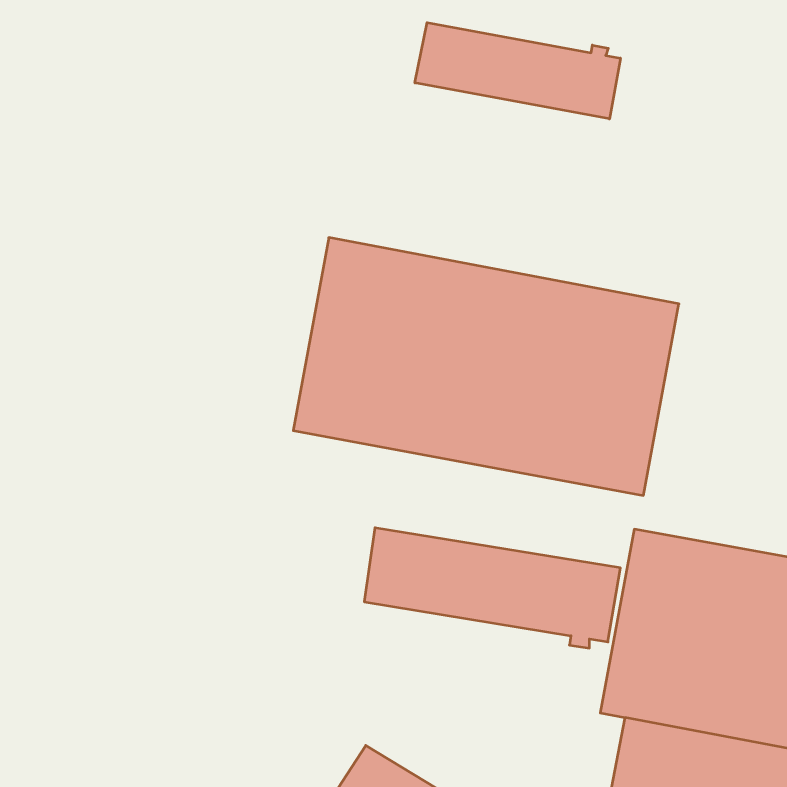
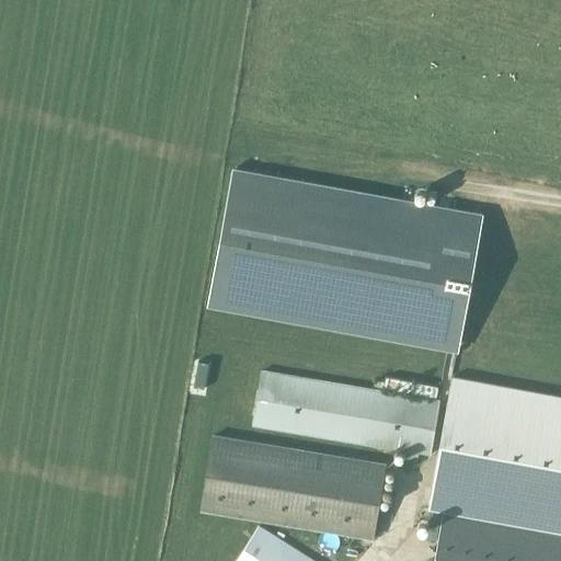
building: [415,23,620,119] -> none
building: none -> [201,435,385,538]

